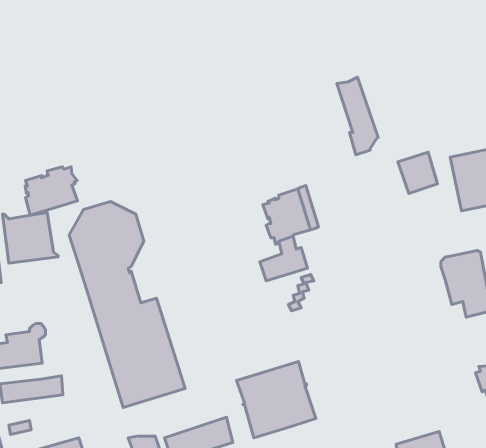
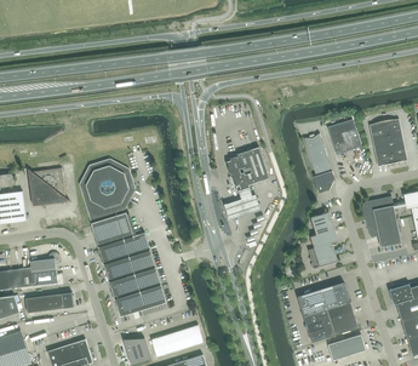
building: [337,77,378,155] -> [303,133,334,193]
building: [25,167,77,215] -> none
building: none -> [307,212,342,269]
building: [236,362,316,438] -> [297,284,357,342]

